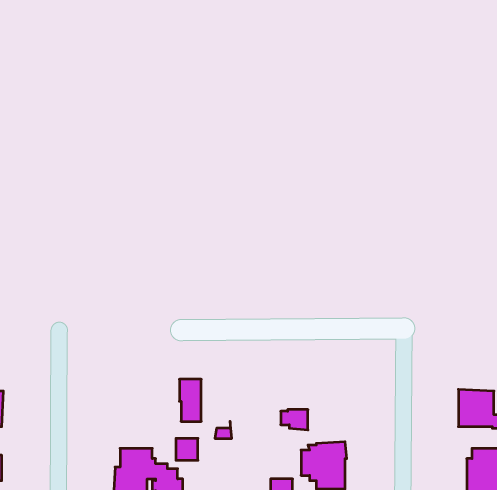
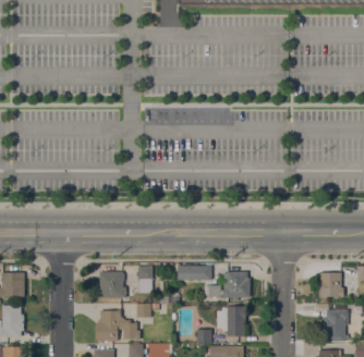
building: none -> [178,266,211,281]
building: none -> [99,272,124,298]
building: none -> [223,272,250,297]

